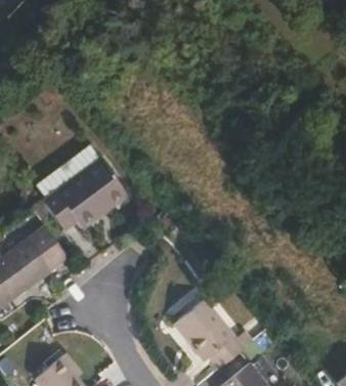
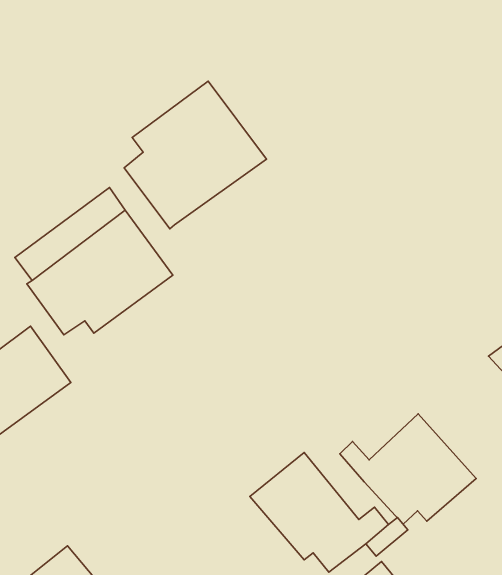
building: none -> [124,81,266,229]
building: none -> [340,414,476,524]

